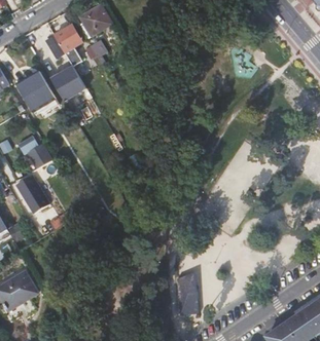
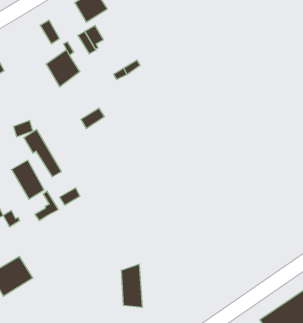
building: [54,23,82,52] -> none
building: [16,71,55,111] -> none
building: [176,271,198,314] -> [121,264,143,307]

